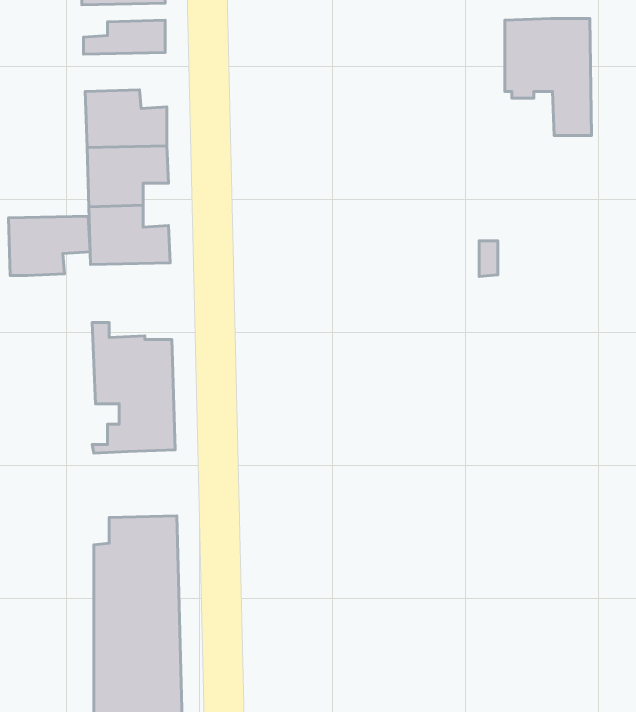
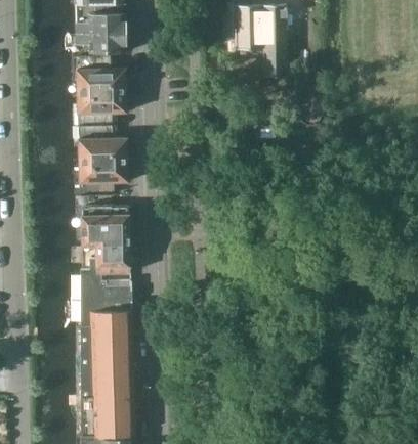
building: [505,18,591,135] -> [234,7,286,78]
building: none -> [75,34,125,54]
building: [9,216,90,276] -> [79,161,128,196]
building: none -> [81,274,131,330]

